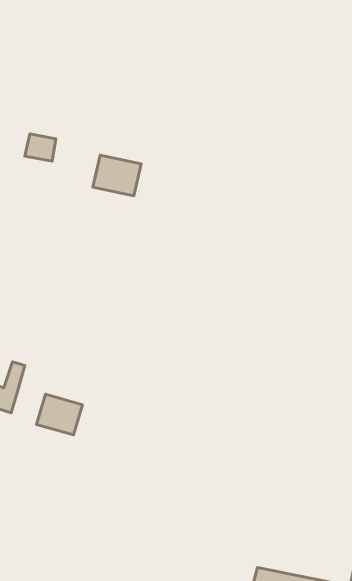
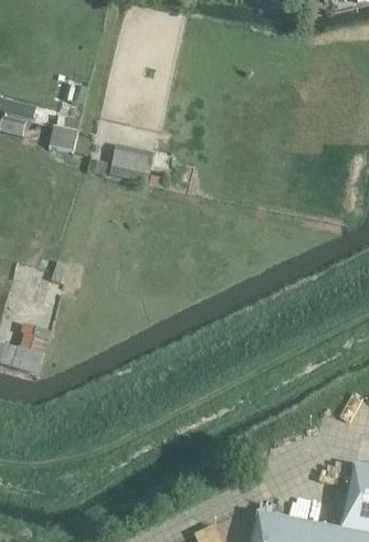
building: [37,394,82,435] -> none

